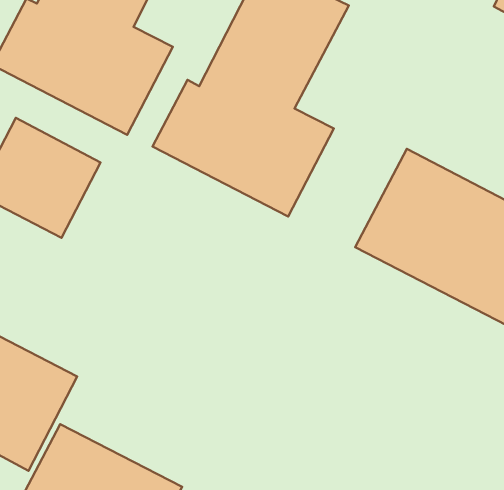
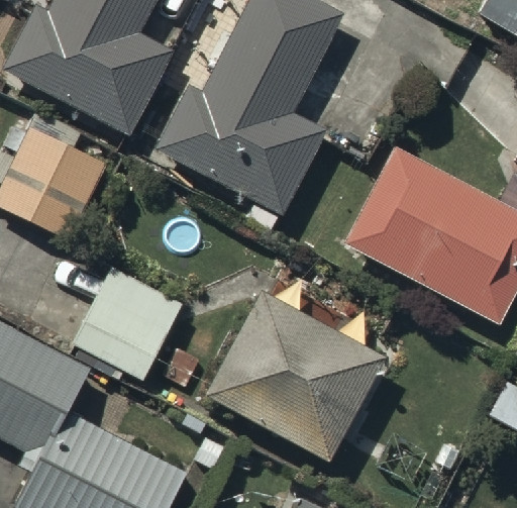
building: none -> [75,272,180,377]
building: none -> [204,289,382,455]

